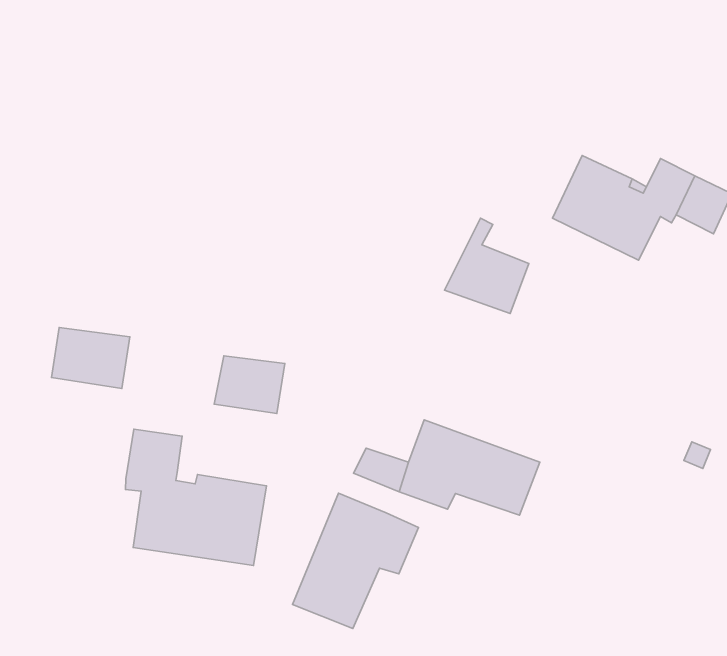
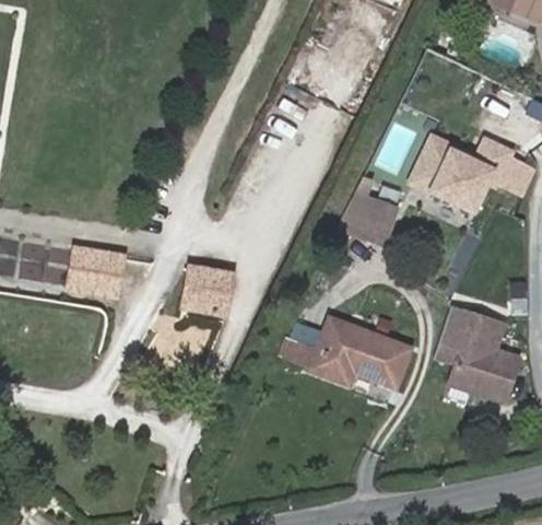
building: none -> [437,304,519,400]
building: [125,429,267,565] -> none
building: [292,493,418,629] -> none

